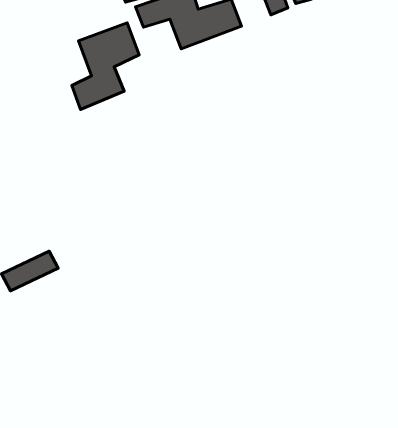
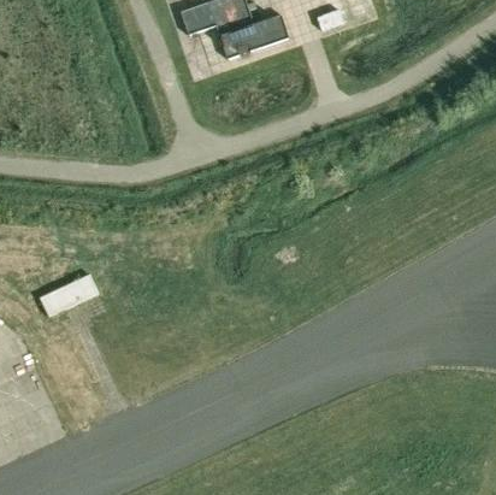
building: [72,23,139,110] -> none

